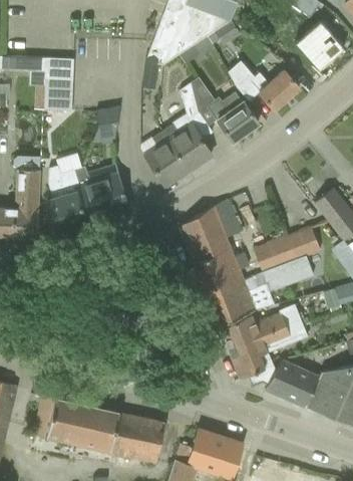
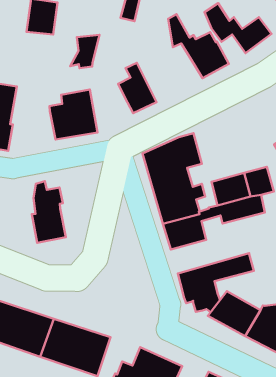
building: [162,82,213,171] -> none
building: [48,165,86,230] -> [32,181,66,243]
building: [220,306,301,347] -> none

